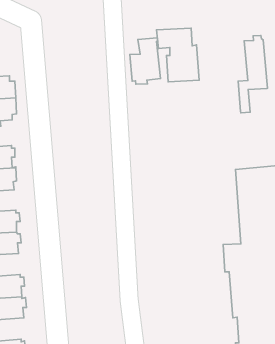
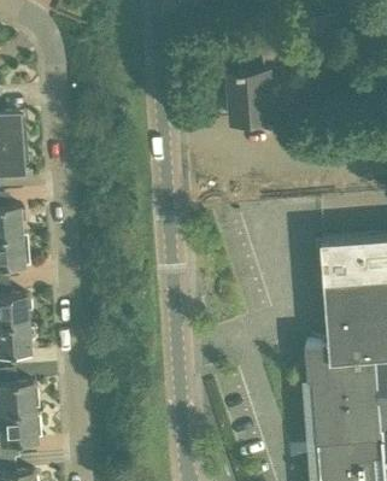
building: [238,36,268,113] -> none
building: [130,38,161,84] -> none

